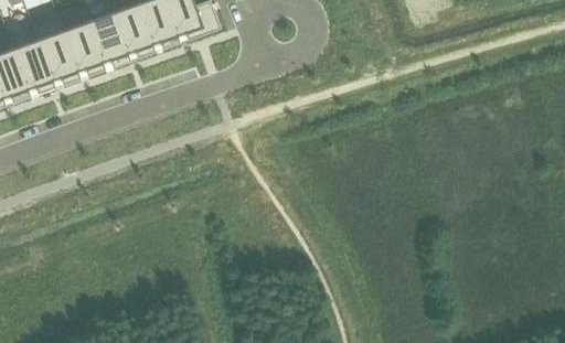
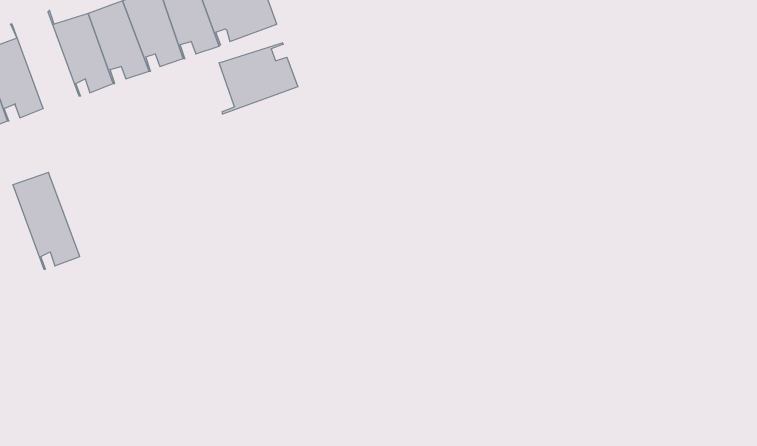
building: [32,19,79,87] -> [13,172,80,269]
building: none -> [219,43,298,114]

